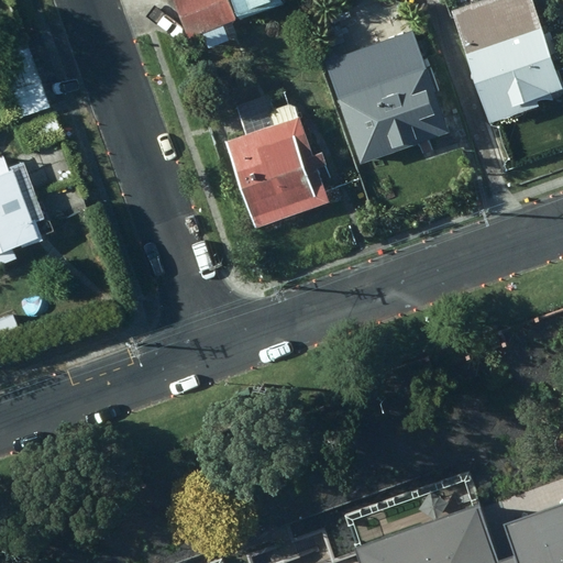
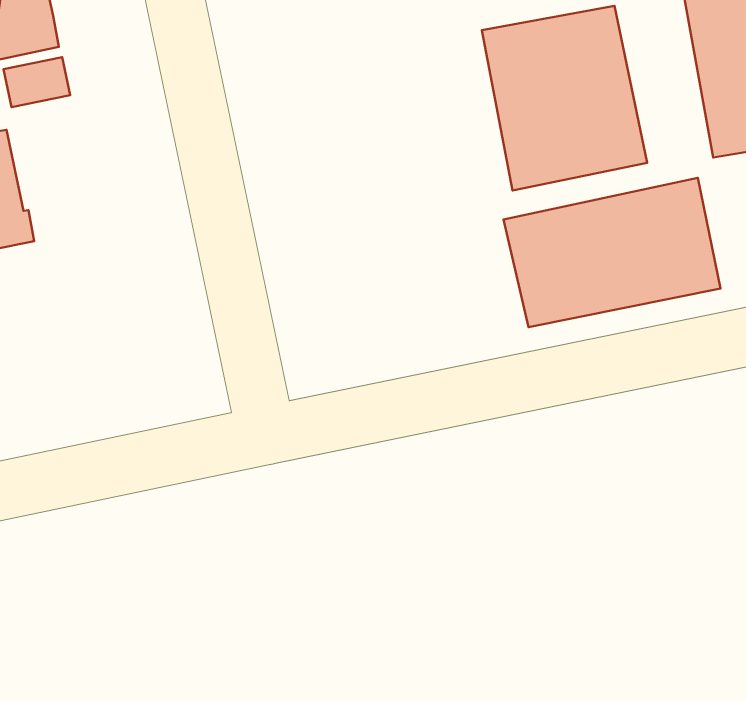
building: [225,97,327,227] -> none
building: none -> [503,178,720,327]

